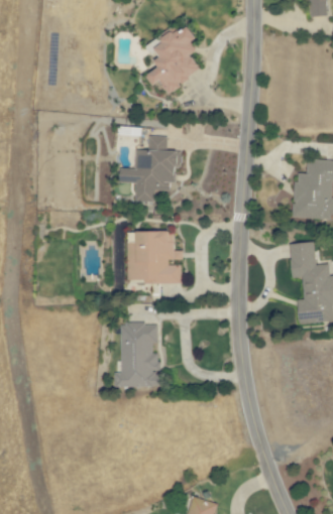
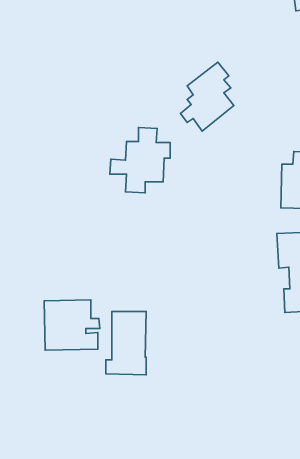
building: [145,23,200,94] -> [180,62,234,131]
building: [126,231,183,282] -> [44,300,100,350]

